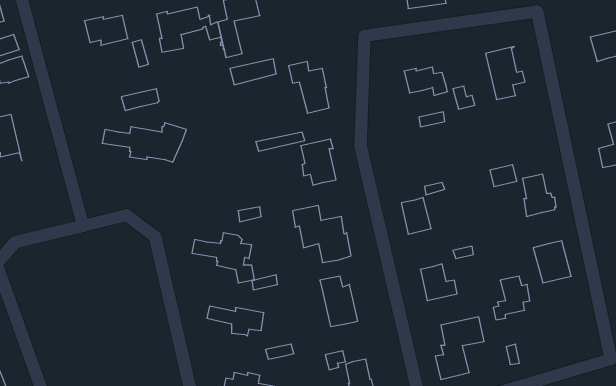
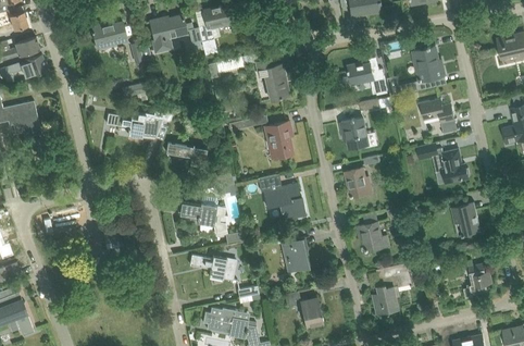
building: none -> [420,98,457,133]
building: none -> [340,119,367,148]
building: none -> [165,141,207,166]
building: [493,276,530,320] -> [462,263,491,298]

